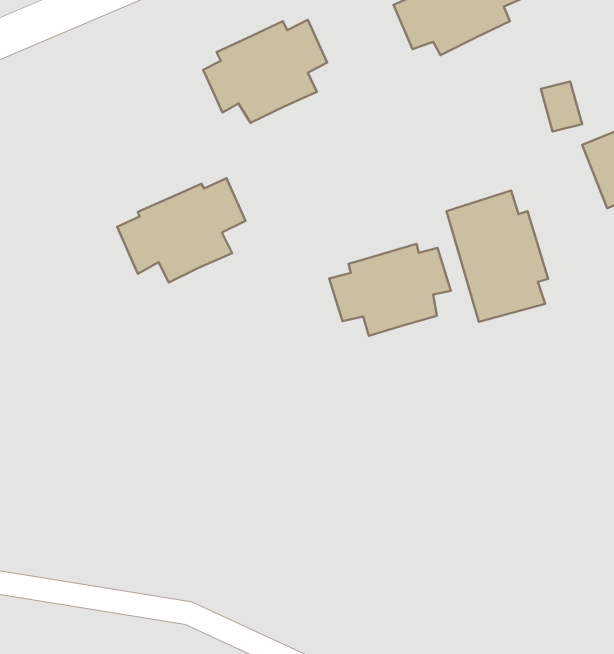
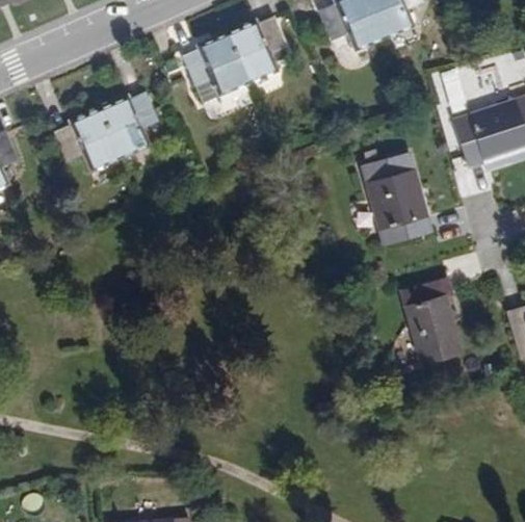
building: [117,178,246,283] -> [54,100,145,174]
building: [329,244,451,336] -> none
building: none -> [402,277,463,365]

